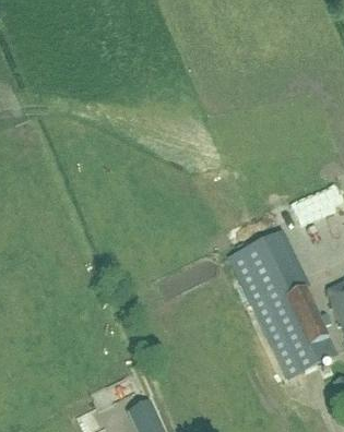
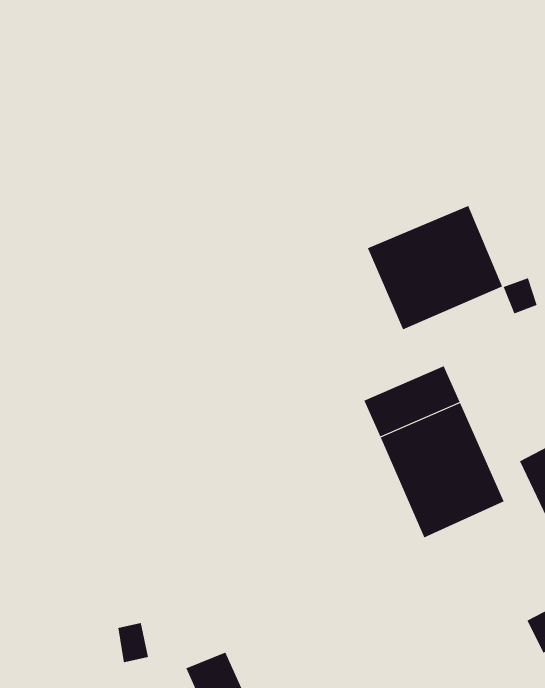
building: none -> [367,205,503,330]
building: [269,313,336,379] -> none

